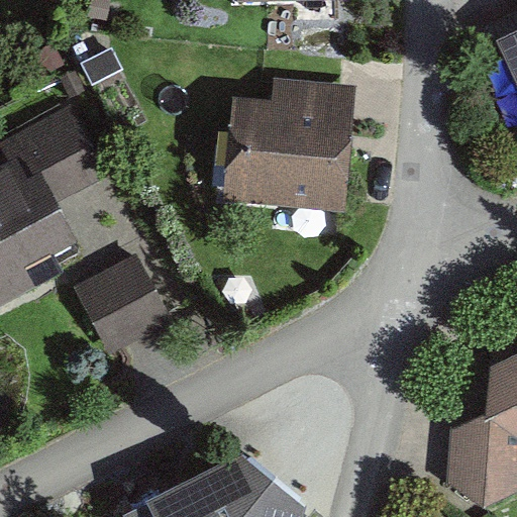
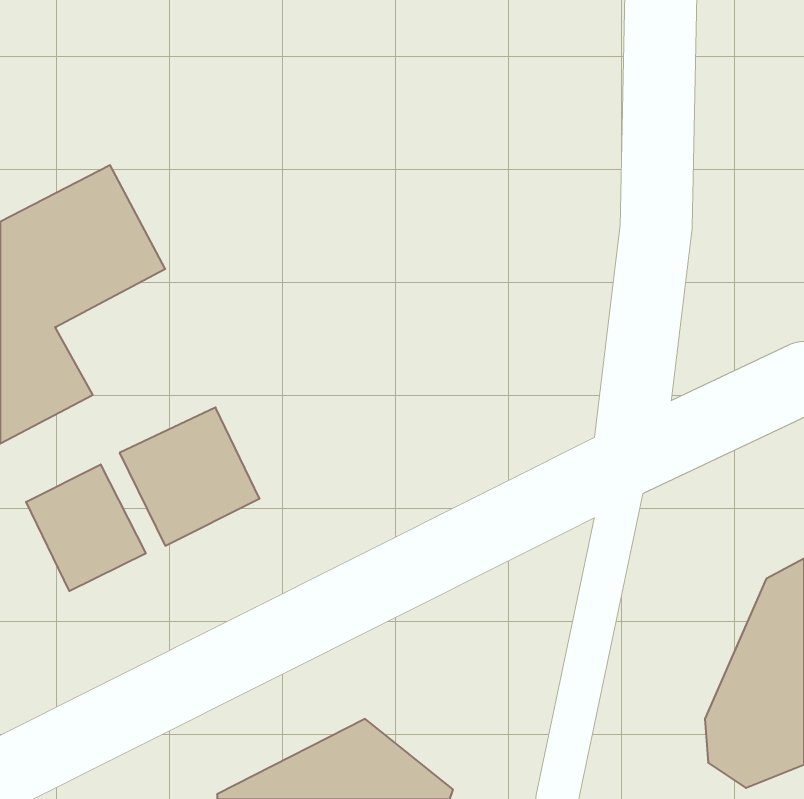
building: [217,77,356,208] -> none
building: none -> [26,464,146,591]

